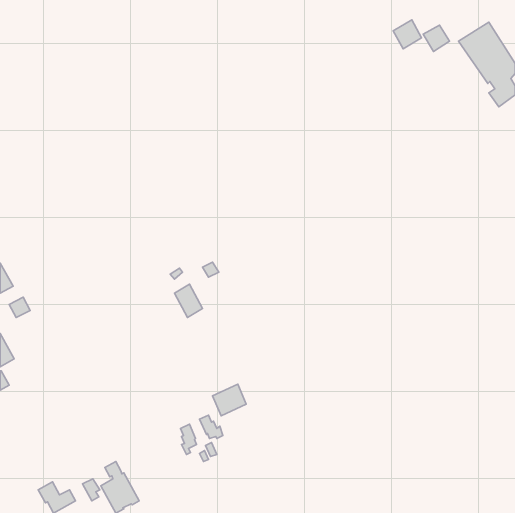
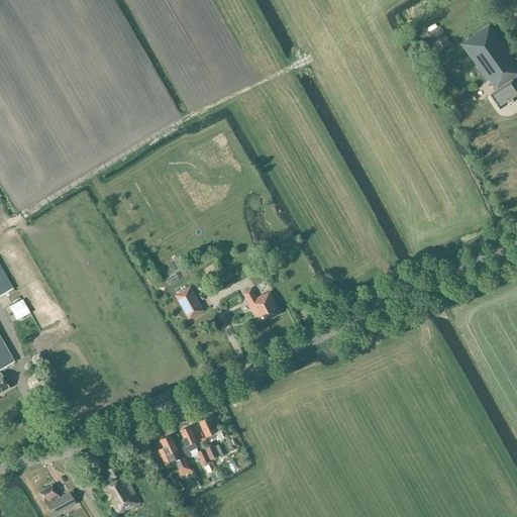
building: [393,20,422,49] -> none
building: none -> [244,289,280,321]
building: [213,384,246,416] -> none
building: none -> [159,434,189,469]

